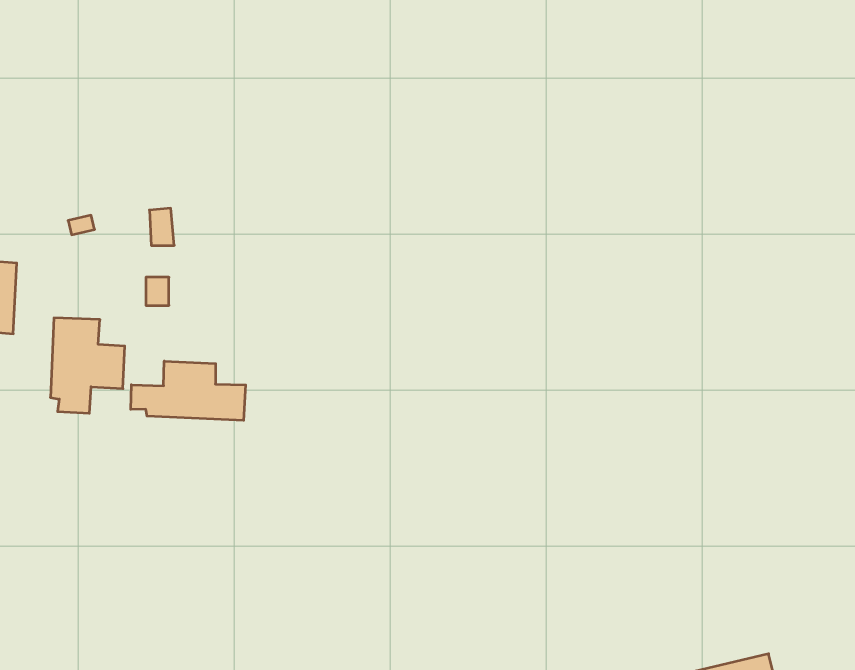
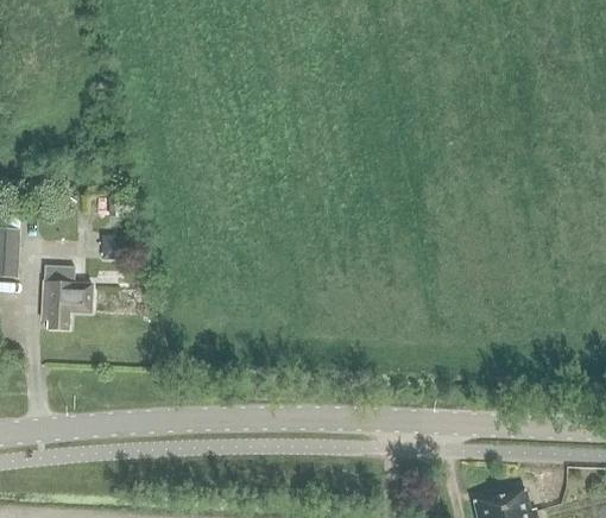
building: [131,361,246,420] -> none

